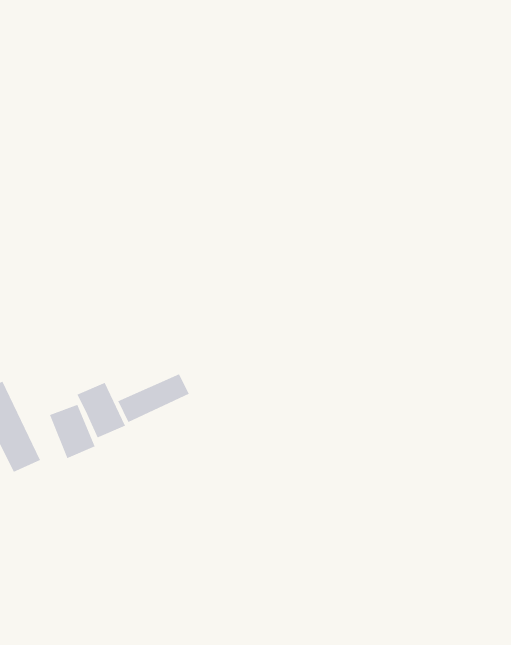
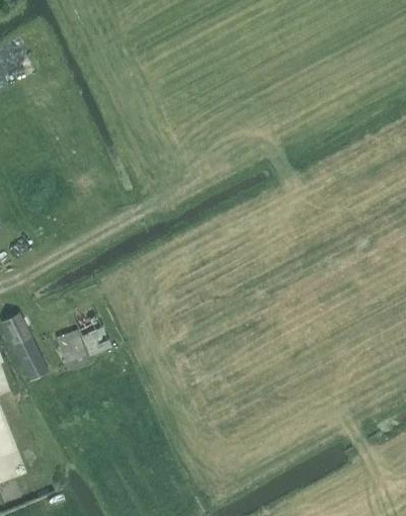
building: [118,374,190,423] -> none

